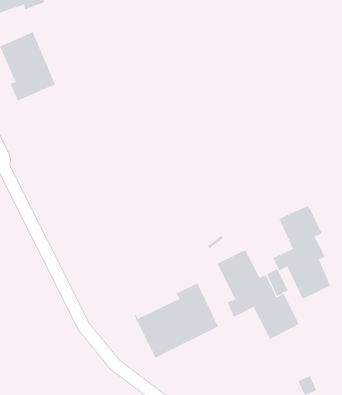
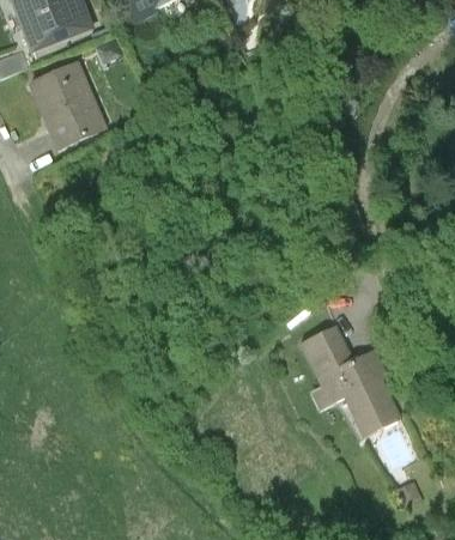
building: [273,205,331,300] -> none
building: [133,283,219,359] -> none

